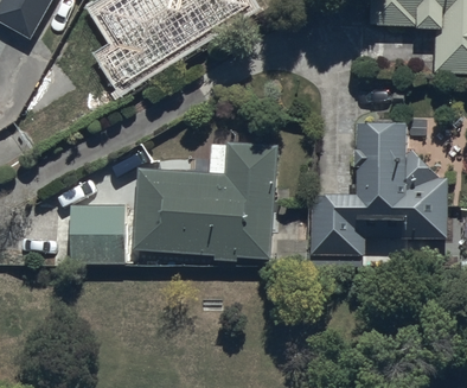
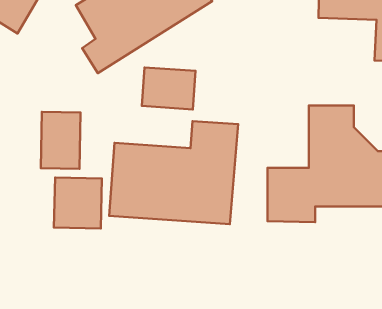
building: none -> [142,67,196,109]
building: none -> [41,112,81,169]

